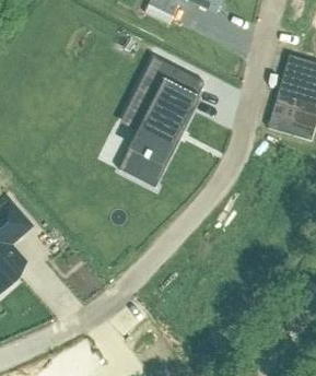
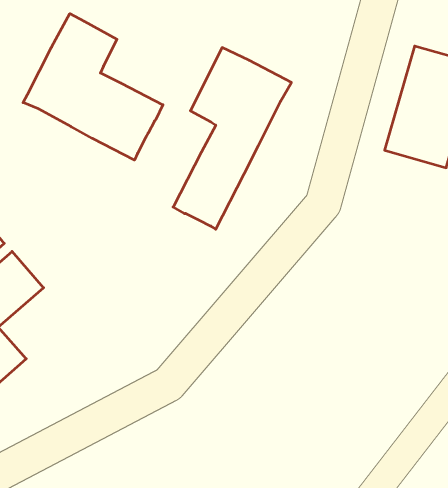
building: none -> [23,14,163,160]

